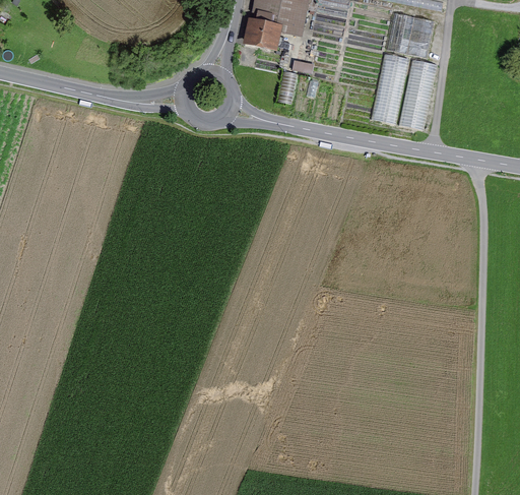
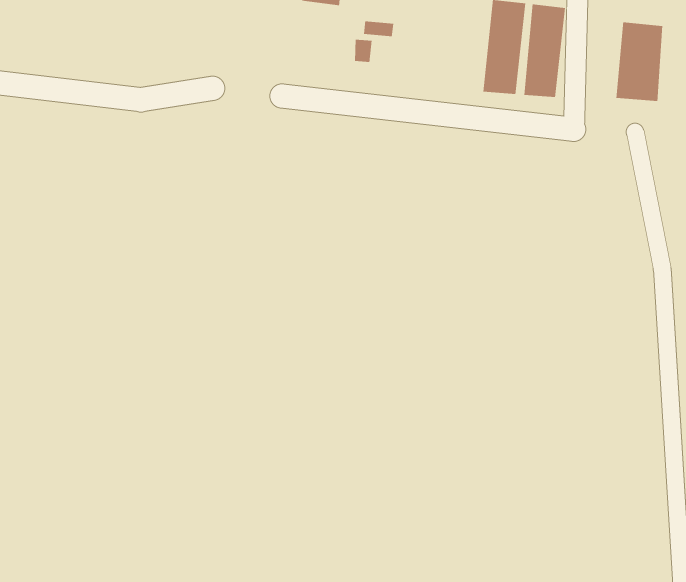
building: none -> [616,22,663,102]

